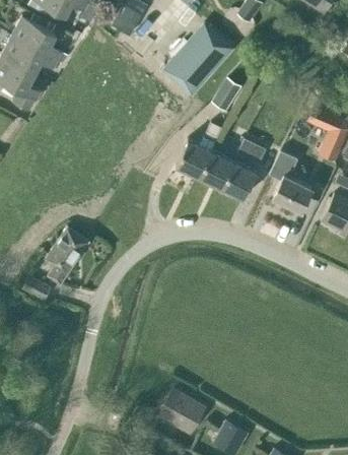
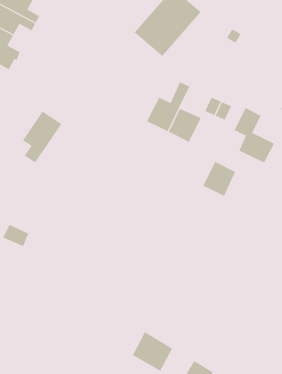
building: [212,77,242,111] -> none
building: [221,161,257,199] -> [202,161,236,196]
building: [47,228,89,283] -> [22,111,62,163]

